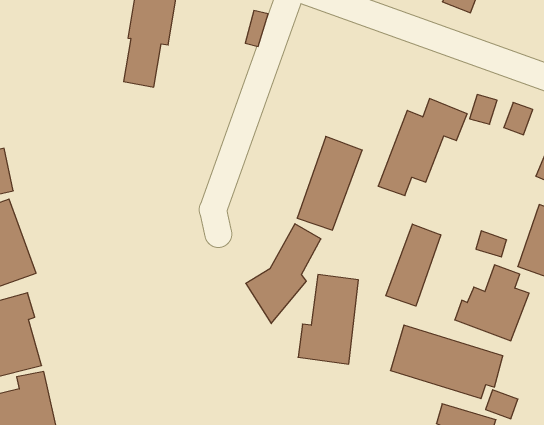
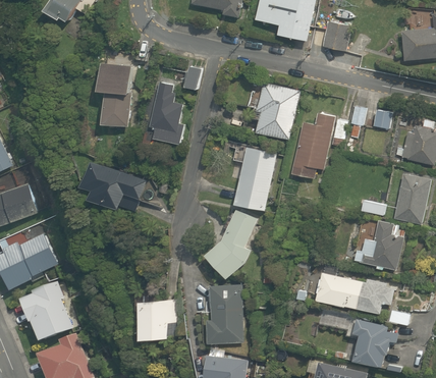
building: none -> [149,85,182,134]
building: none -> [257,83,301,140]
building: none -> [87,163,147,211]
building: [386,224,441,306] -> none
building: [298,275,358,364] -> [205,284,240,343]
building: none -> [144,302,174,343]

